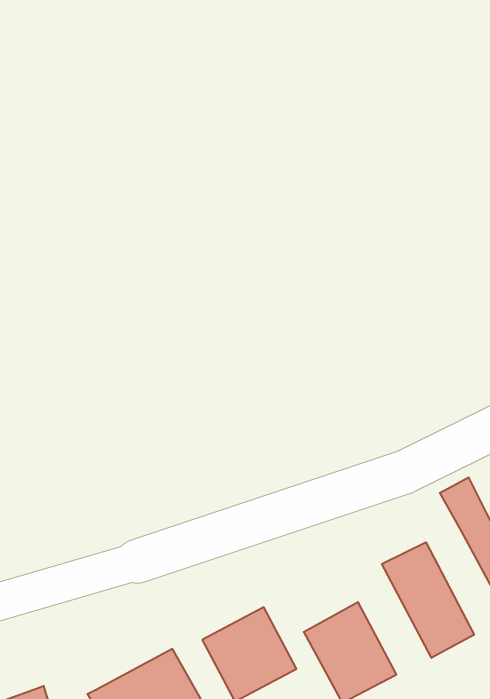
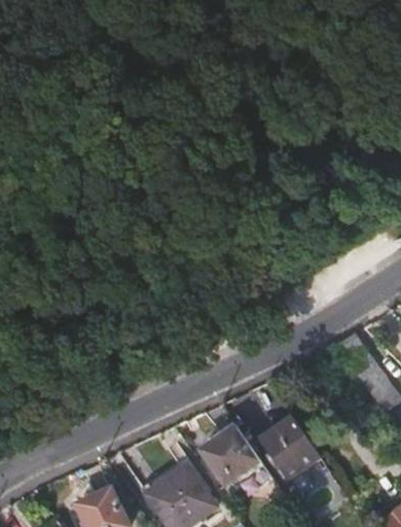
building: [382,542,474,658] -> none

